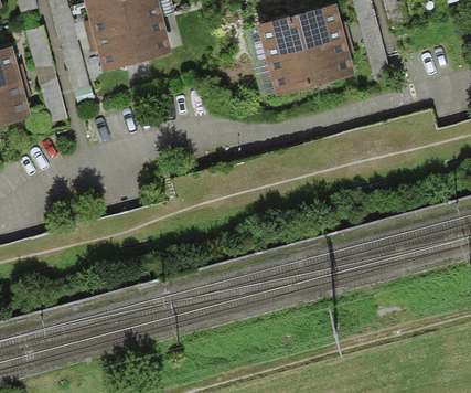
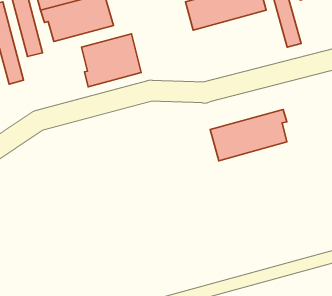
building: [265,36,354,96] -> [210,110,287,161]
building: none -> [81,34,141,87]

